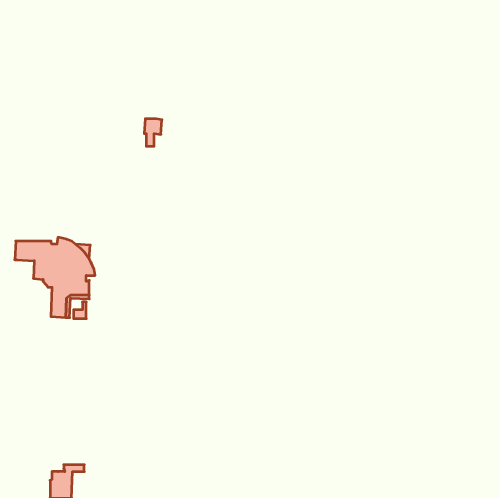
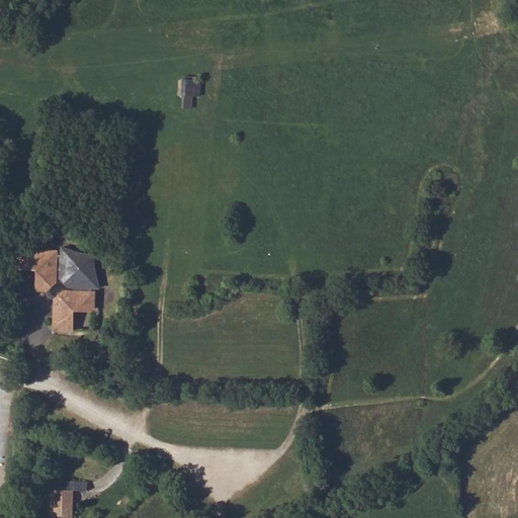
building: [144,119,162,146] -> [180,78,198,106]

